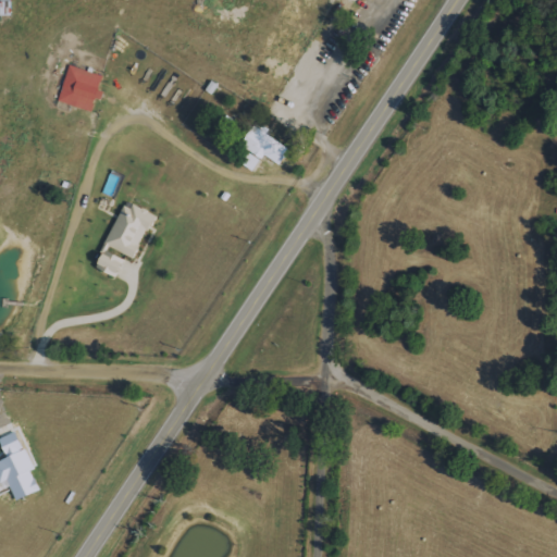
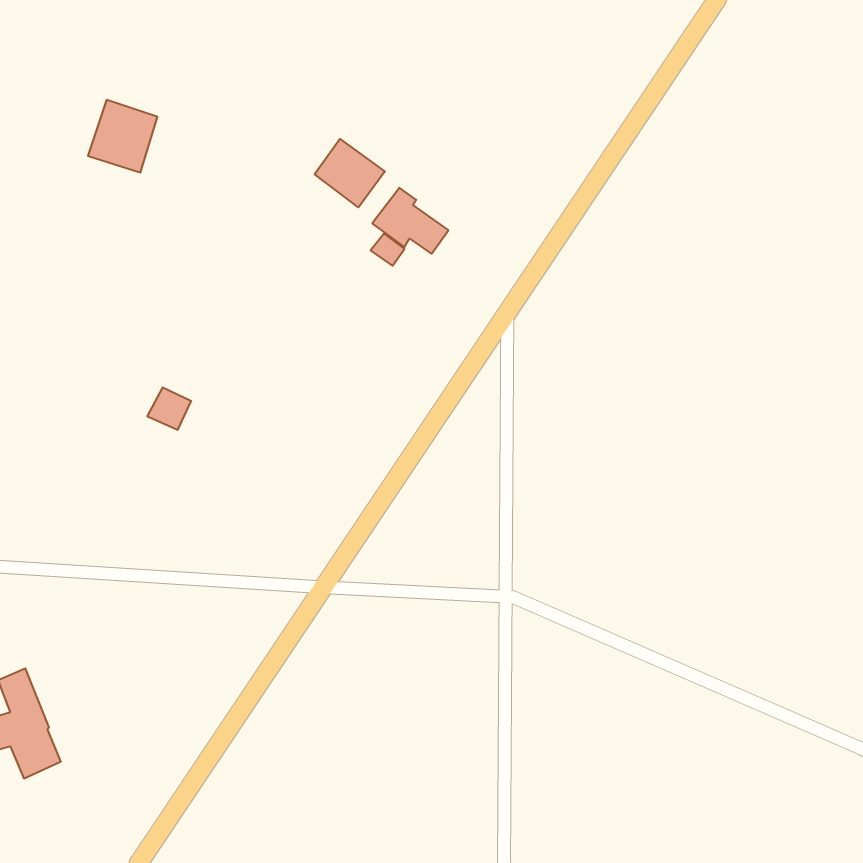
building: none -> [315,139,385,207]
building: [103,202,154,258] -> none

